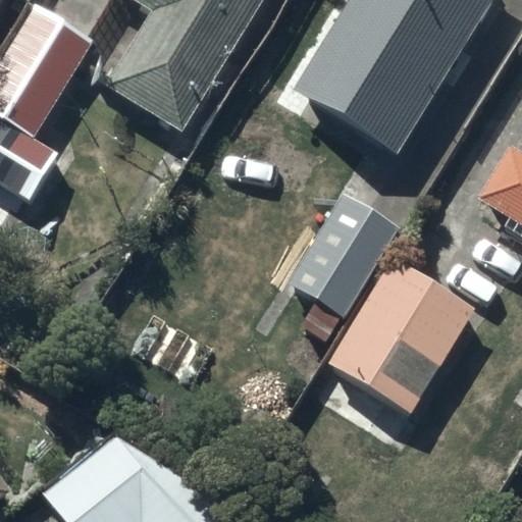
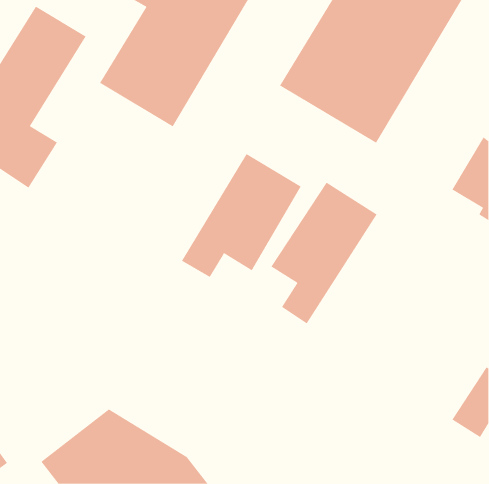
building: none -> [181,153,301,278]
building: [311,260,475,462] -> none

